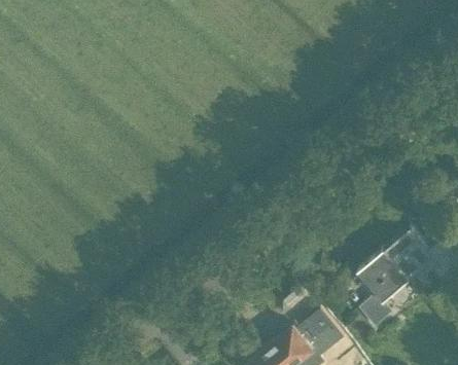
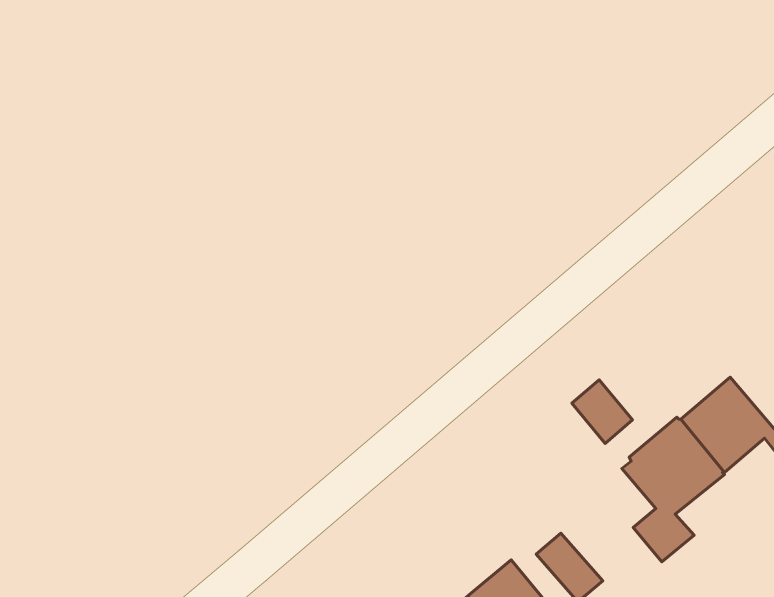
building: none -> [572,380,633,443]

